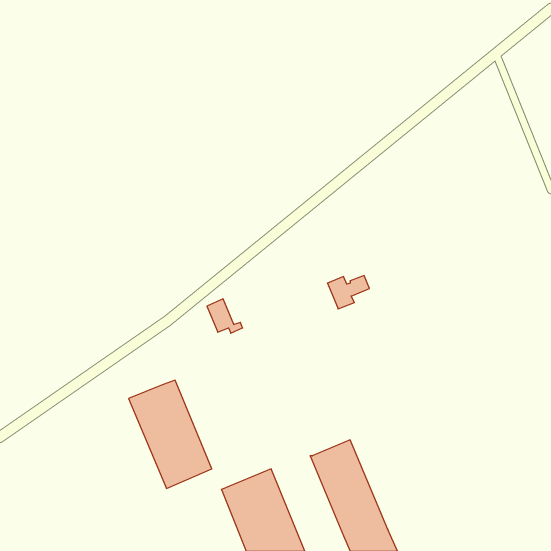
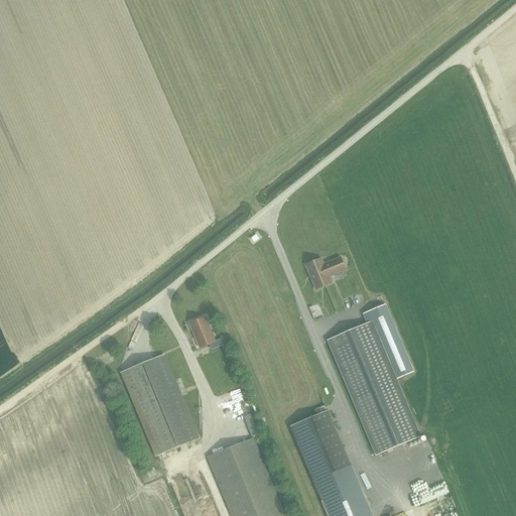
building: [207,299,243,333] -> [188,316,222,349]
building: none -> [327,303,420,455]

